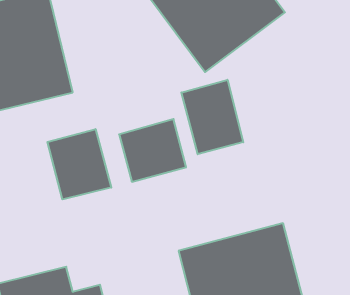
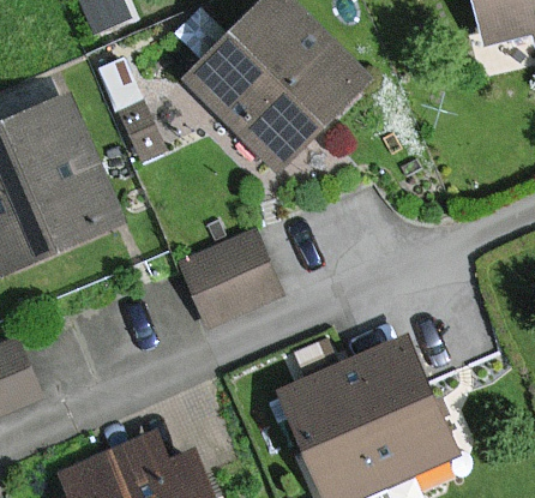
building: [181,80,243,154] -> none
building: [47,129,111,199] -> none

